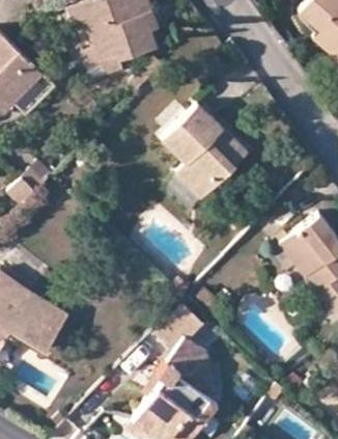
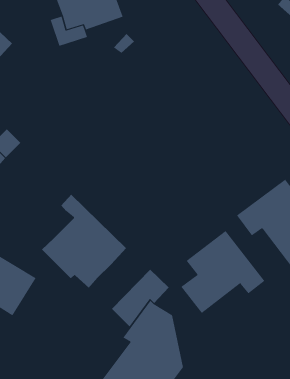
building: [164,104,248,199] -> none
building: none -> [41,194,127,288]
building: none -> [180,230,265,314]

